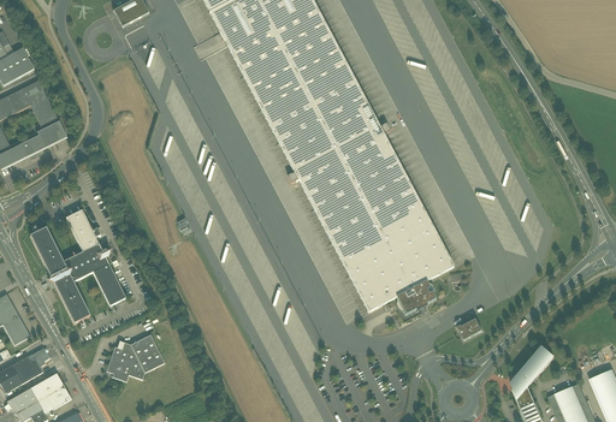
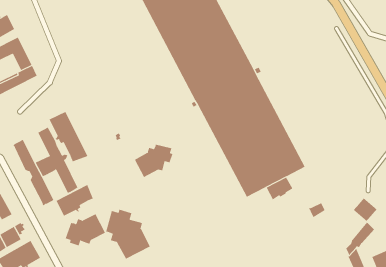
building: none -> [49,111,88,162]
building: none -> [134,144,173,178]
building: none -> [56,184,94,216]
building: none -> [353,197,377,222]
building: none -> [105,209,151,260]

